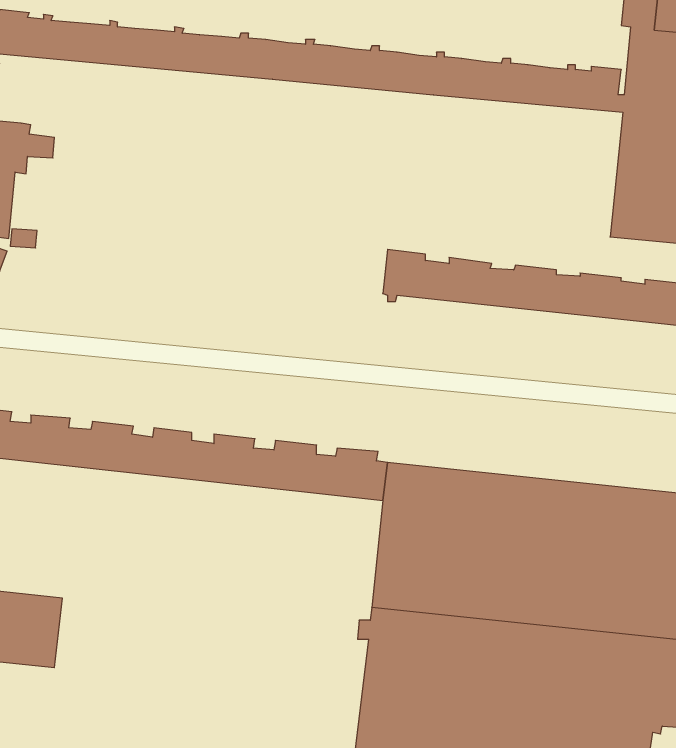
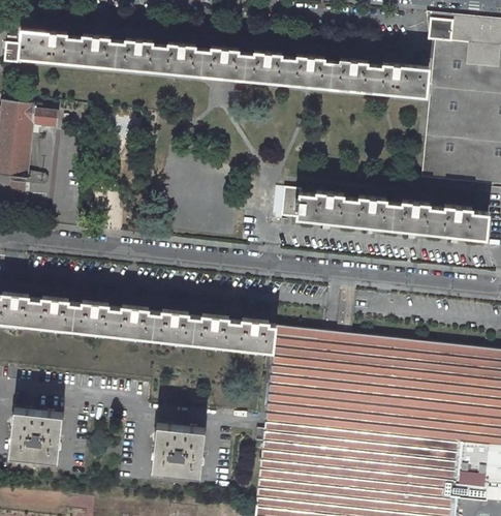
building: none -> [152,426,206,477]

